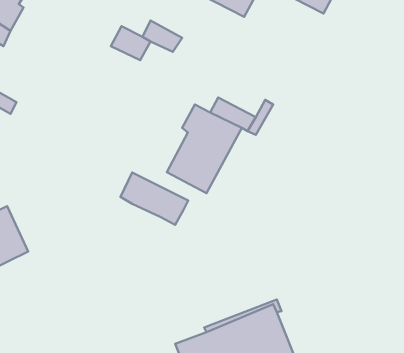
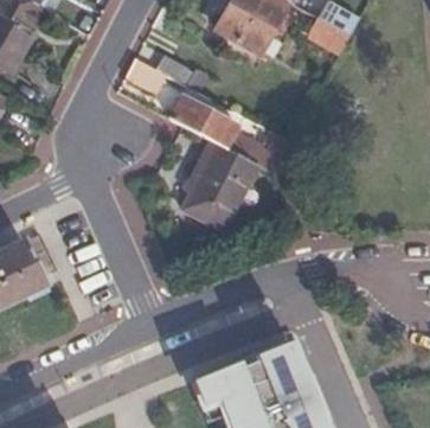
building: [120,172,188,225] -> [172,94,240,147]

